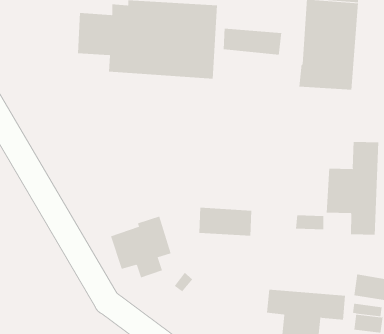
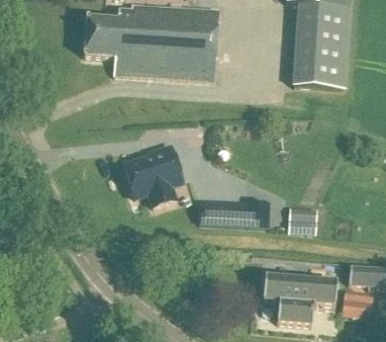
building: [223,28,282,55] -> none
building: [326,141,379,235] -> none
building: [110,216,172,278] -> [124,145,182,203]

